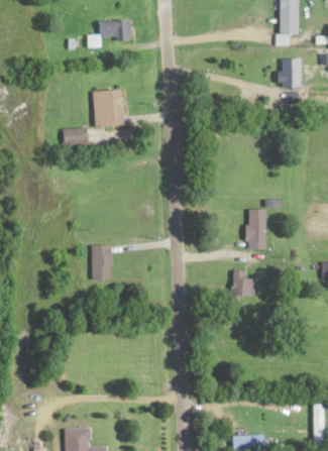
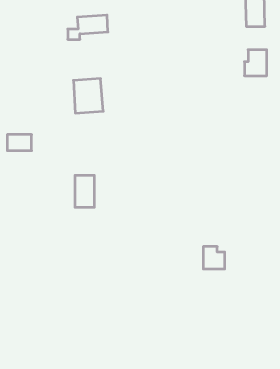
building: [63,128,89,145] -> [7,135,32,151]
building: [246,210,265,248] -> none
building: [93,245,114,279] -> [75,175,94,207]

